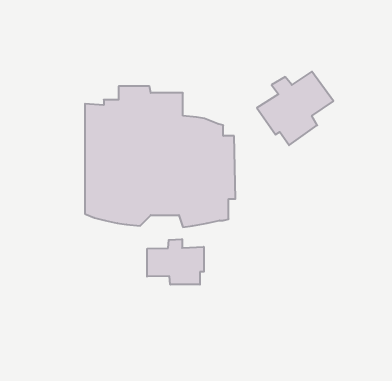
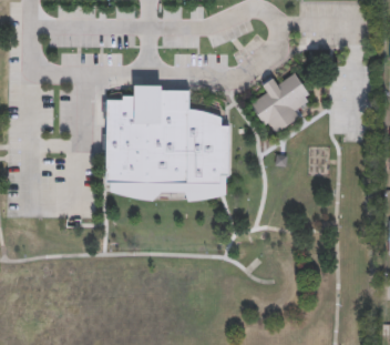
building: [147,239,204,285] -> none

